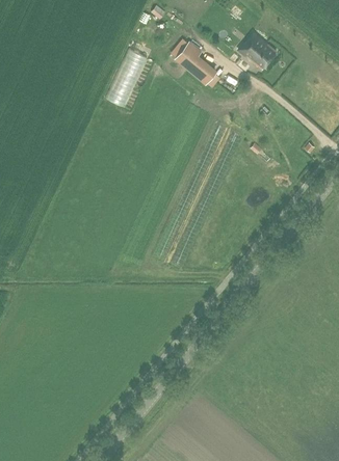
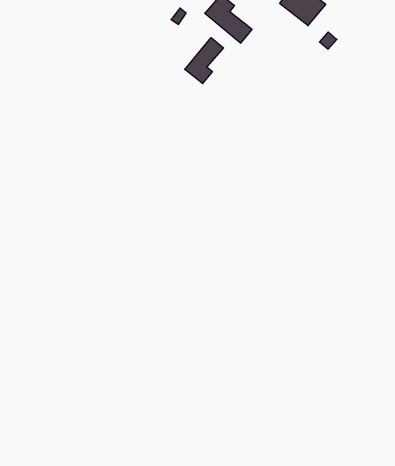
building: none -> [185,38,224,84]

